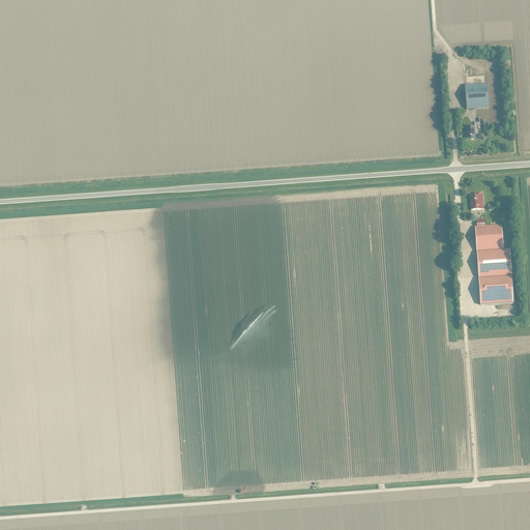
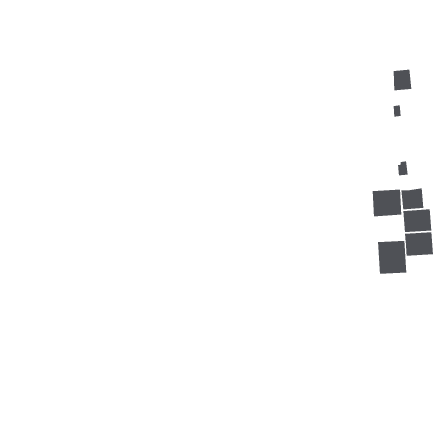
building: none -> [372,189,402,217]
building: none -> [378,240,407,274]

